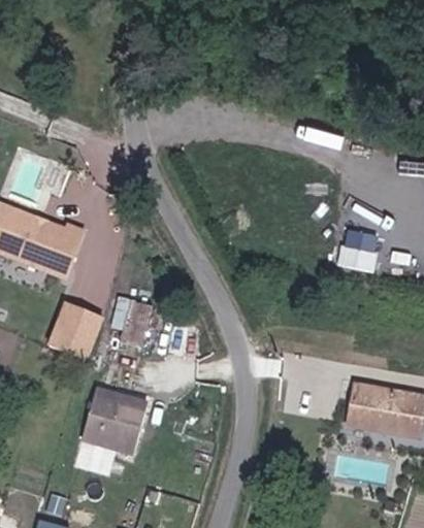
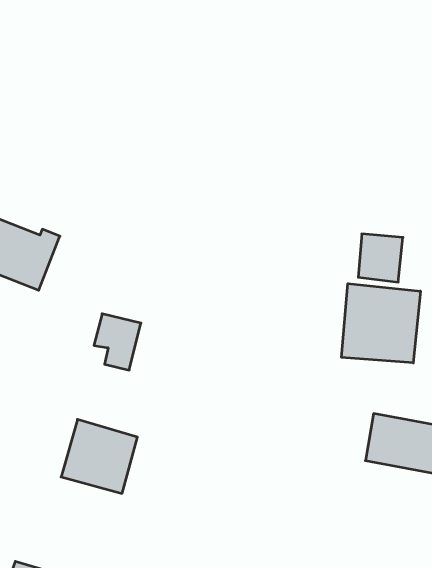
building: none -> [342,284,420,363]
building: [50,304,104,362] -> none

